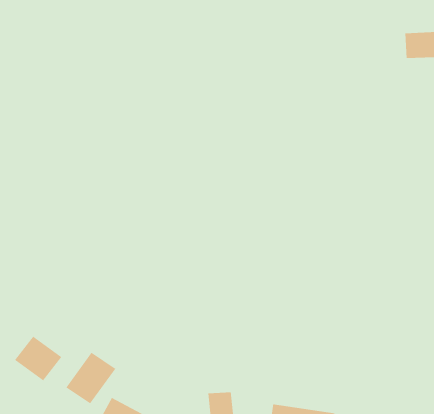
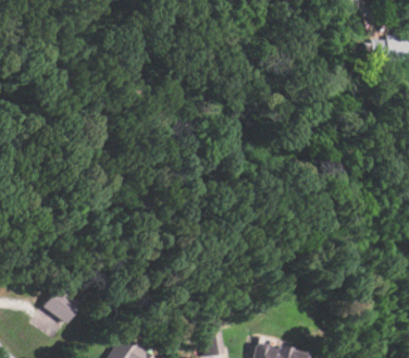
building: [65,352,116,404] -> none

